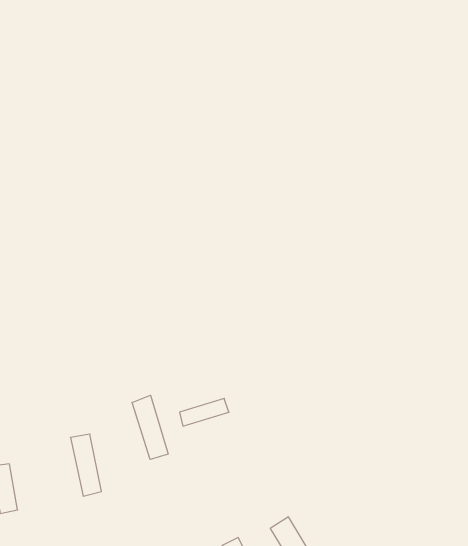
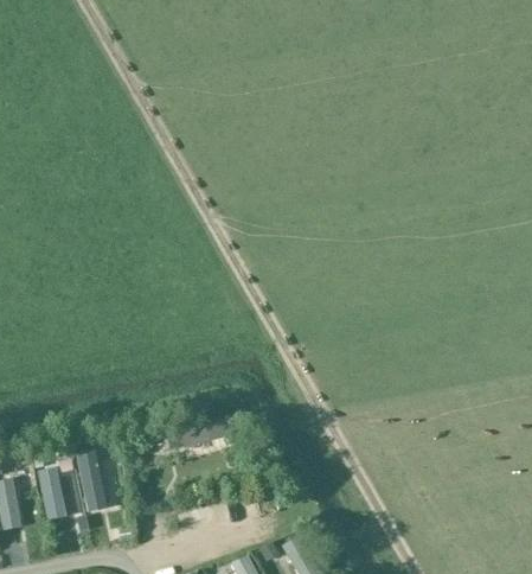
building: [132,395,168,459] -> none
building: none -> [38,468,68,521]

